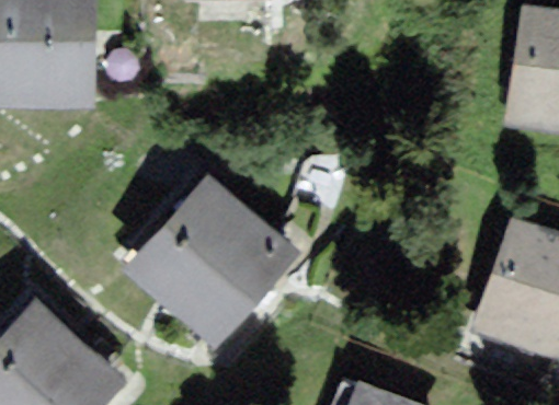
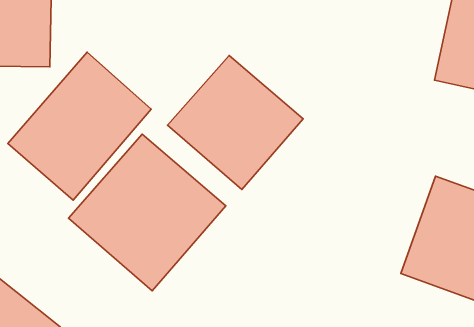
building: none -> [8,52,151,200]
building: none -> [168,55,303,189]

